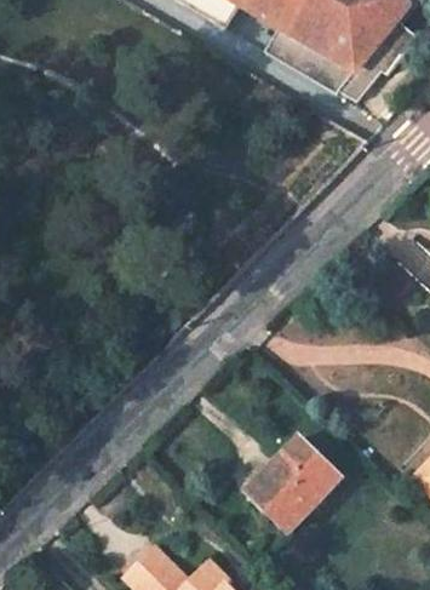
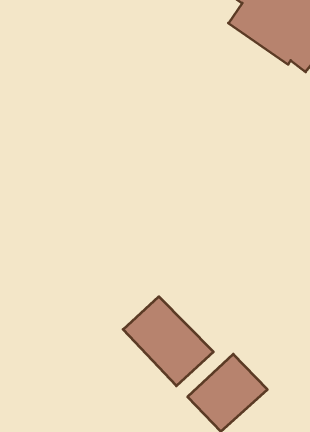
building: none -> [123,297,213,386]

